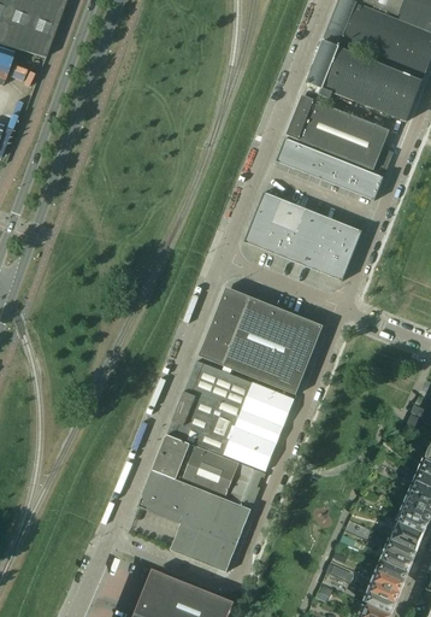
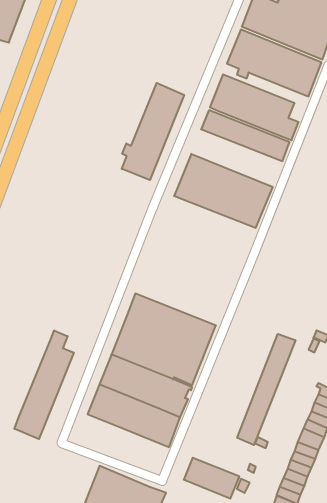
building: none -> [122,83,184,180]
building: [199,286,324,394] -> none
building: none -> [14,330,74,439]
building: none -> [237,334,295,445]
building: [170,522,237,571] -> [184,458,239,499]

